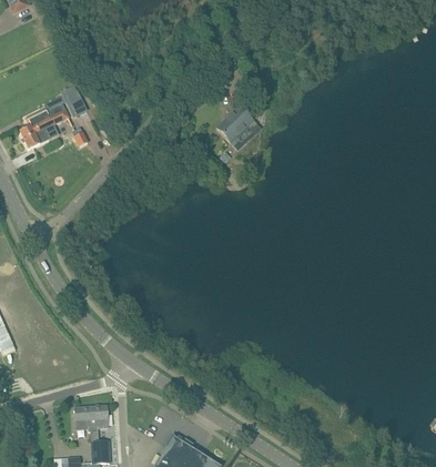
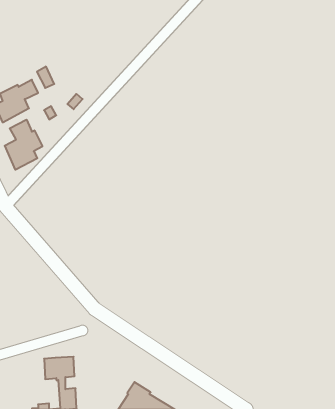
building: [216,105,260,149] -> none
building: none -> [5,120,42,170]

